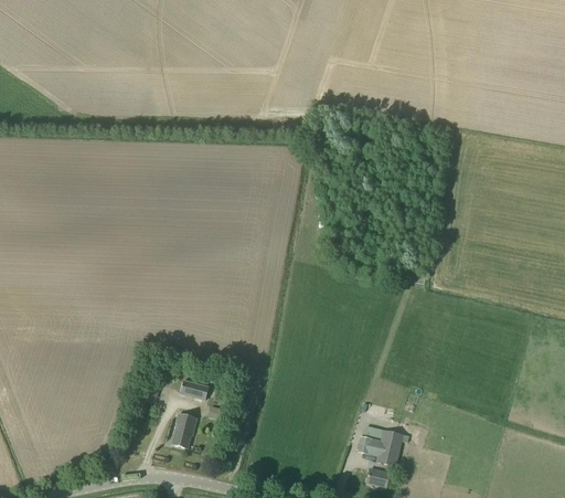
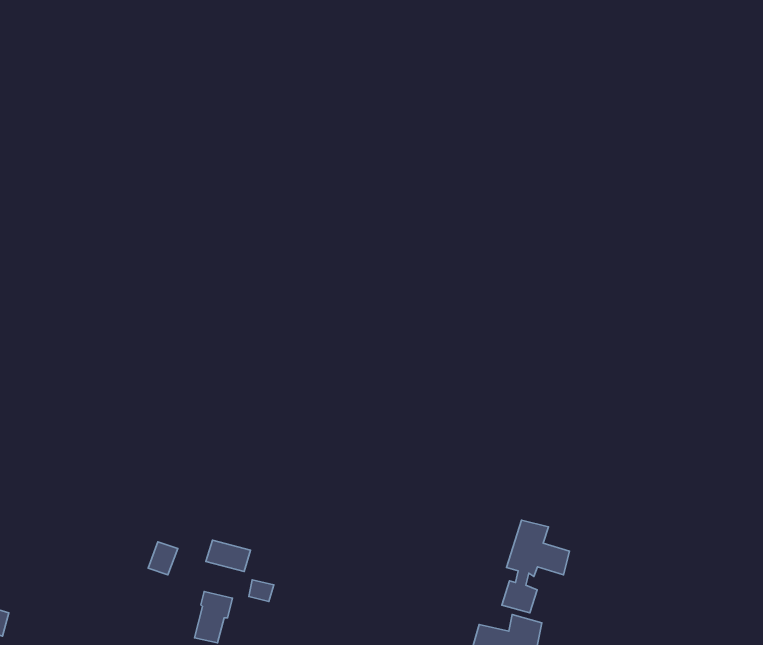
building: none -> [502,520,569,613]

